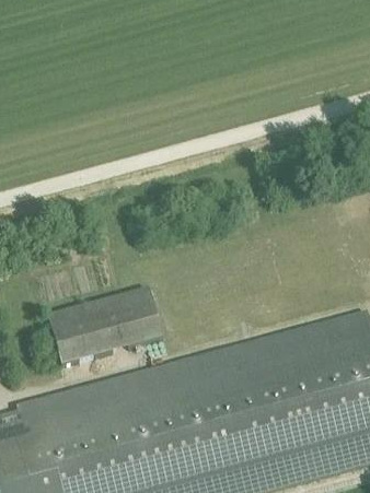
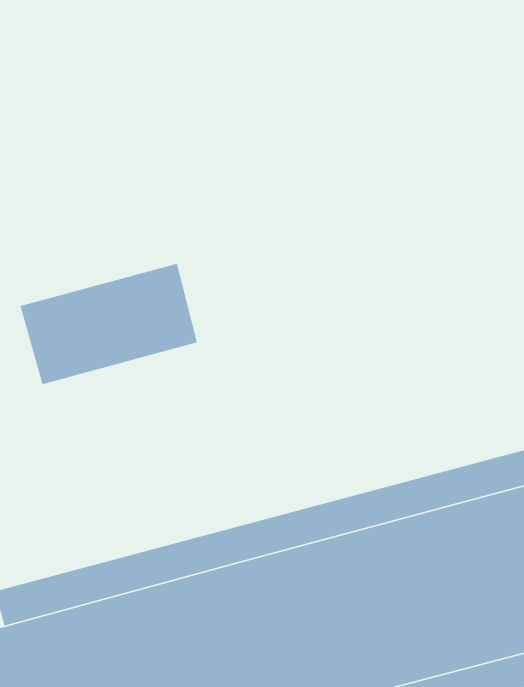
building: [48,287,163,366] -> [20,263,198,385]

